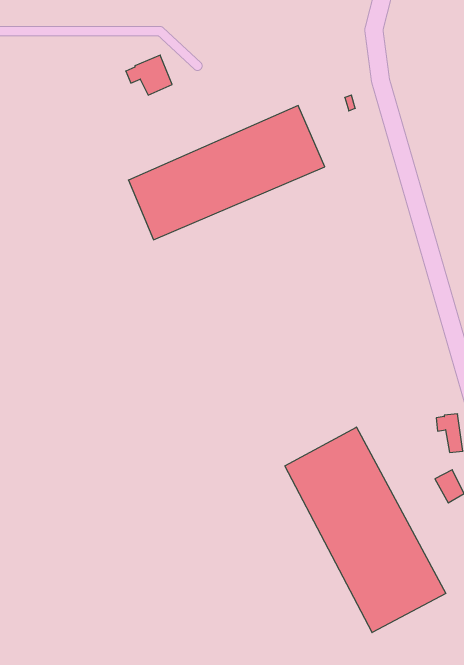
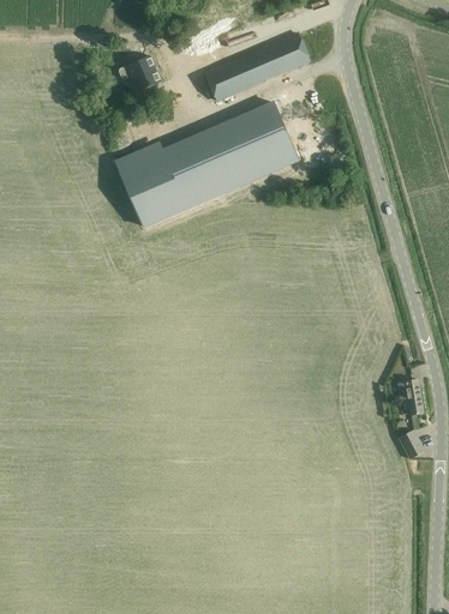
building: none -> [203,36,307,103]
building: [285,427,446,633] -> none

